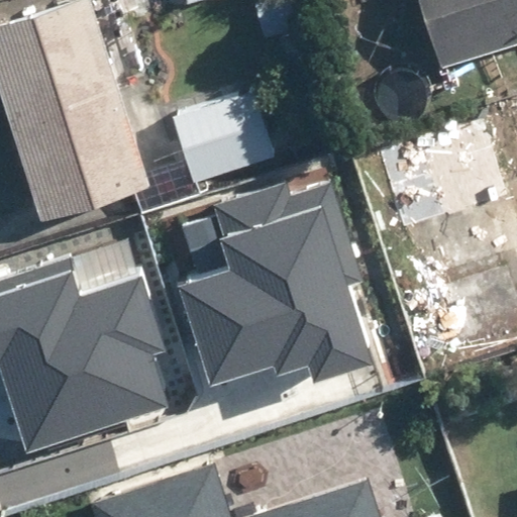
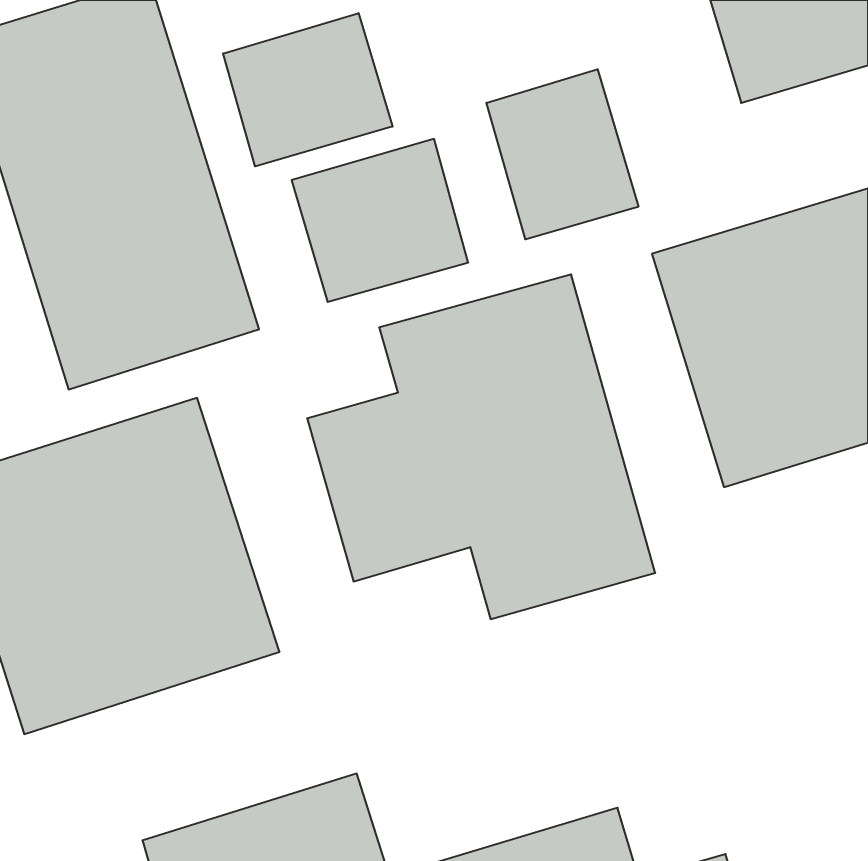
building: none -> [223,13,393,166]
building: none -> [486,69,638,239]

